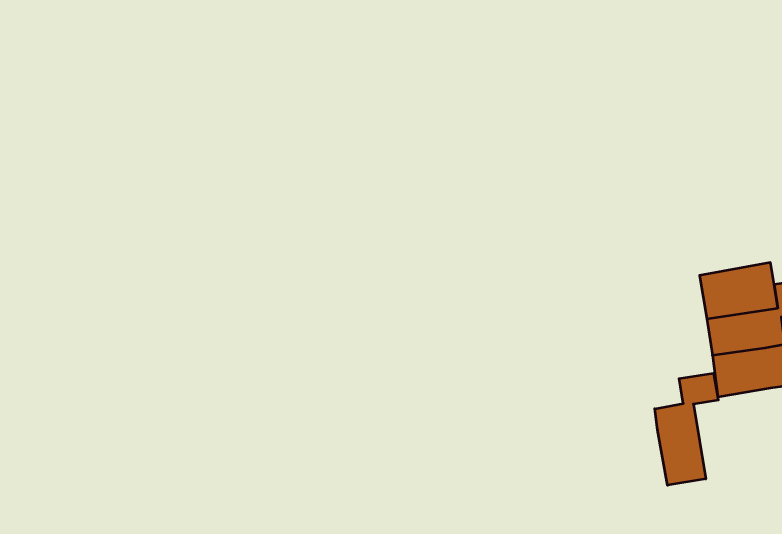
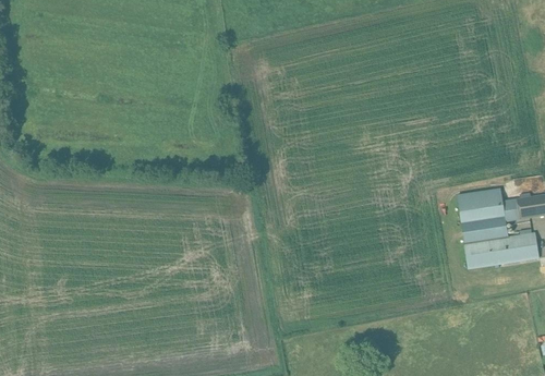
building: [655,373,718,485] -> none

